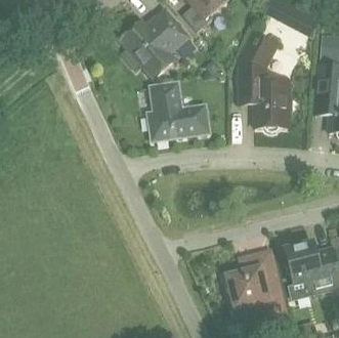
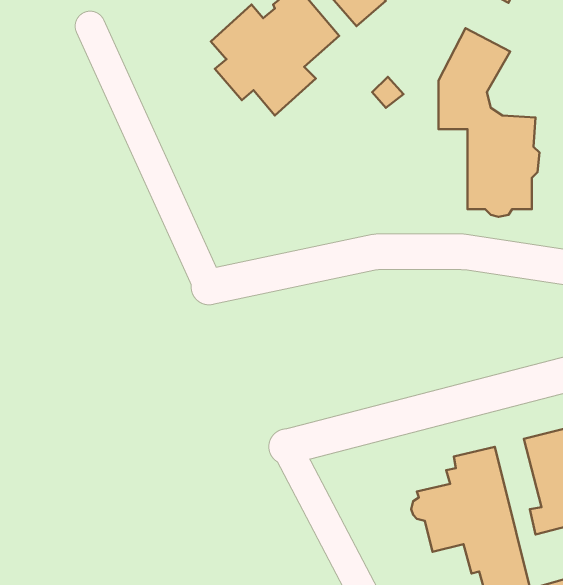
building: [147,81,208,138] -> none

